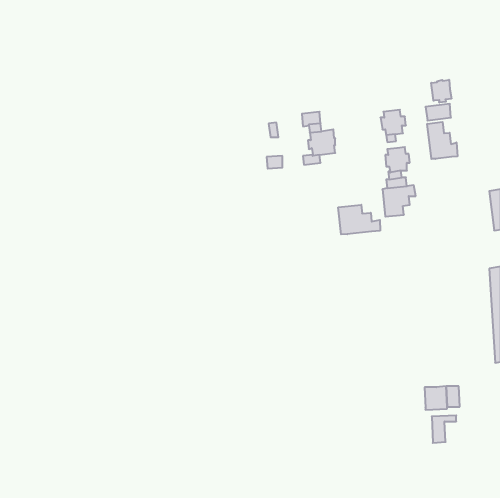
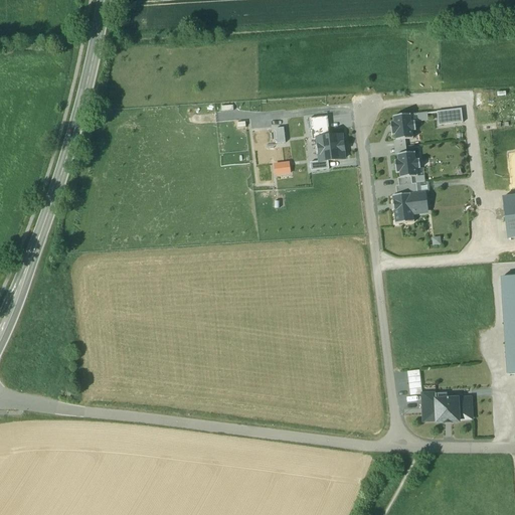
building: [431,80,451,103] -> none
building: [427,122,457,159] -> none
building: [338,205,380,234] -> none
building: [432,415,456,443] -> [423,391,449,419]

